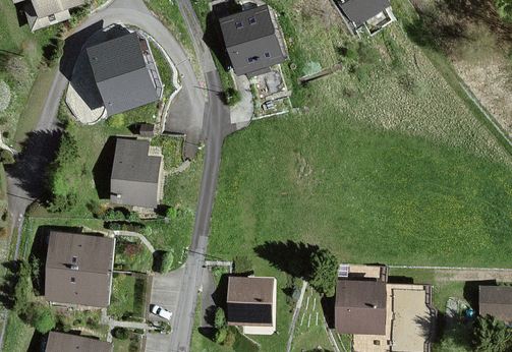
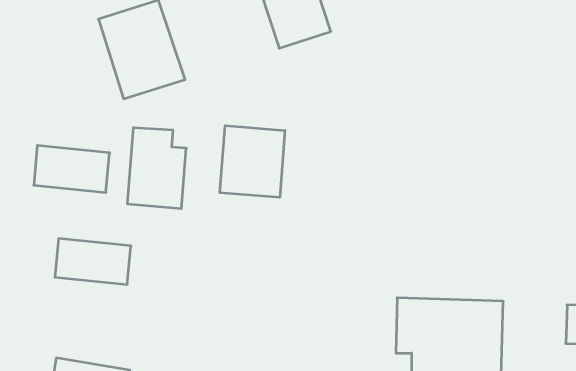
building: none -> [220,126,285,197]
building: [46,265,110,304] -> [34,145,110,192]
building: [228,278,271,321] -> none

